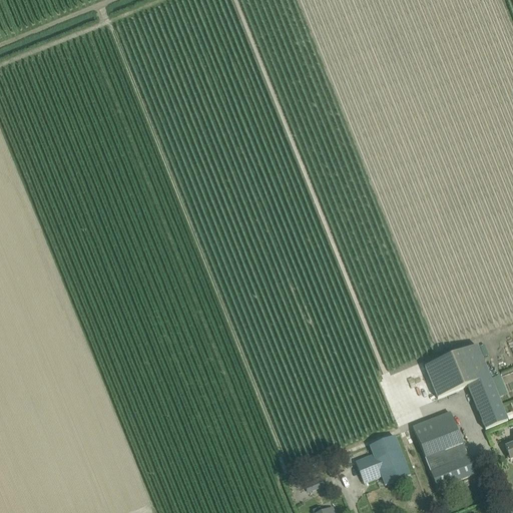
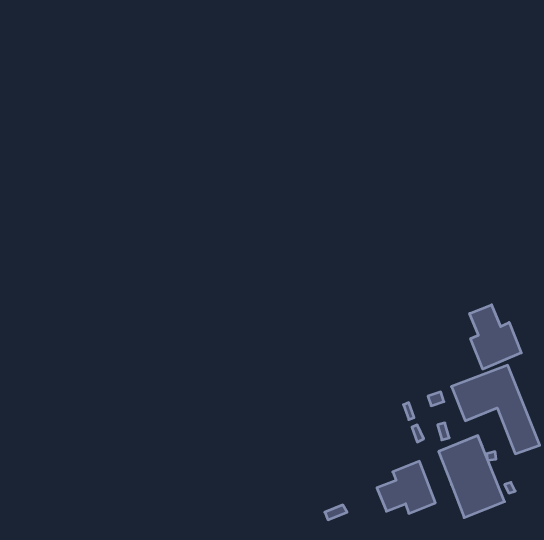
building: none -> [470,305,521,369]

